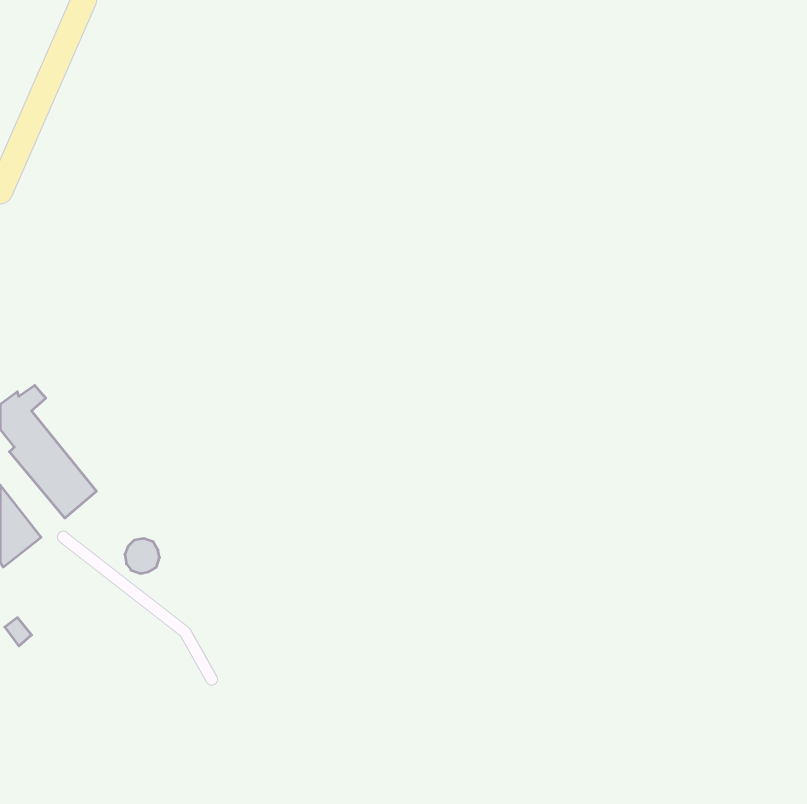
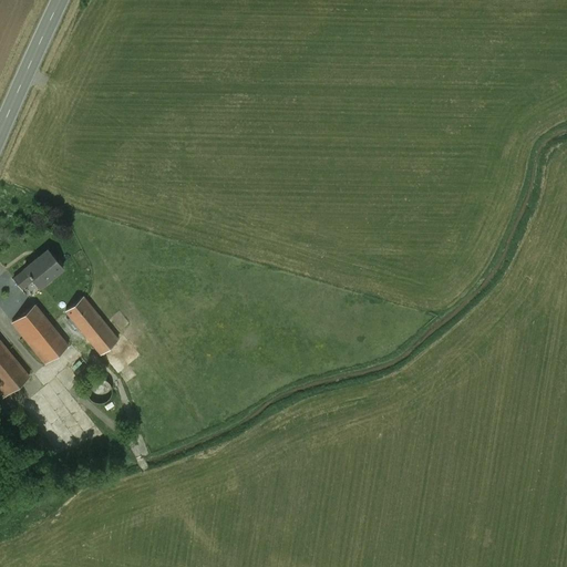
building: none -> [23,250,62,289]
building: none -> [66,299,117,355]

